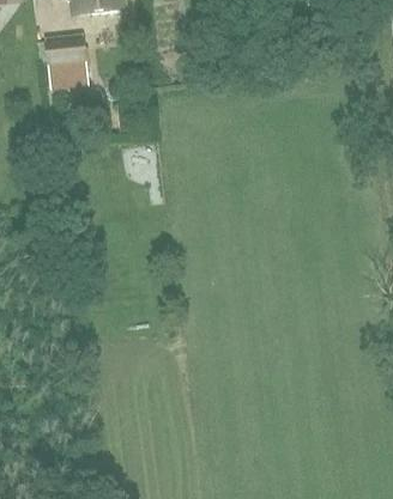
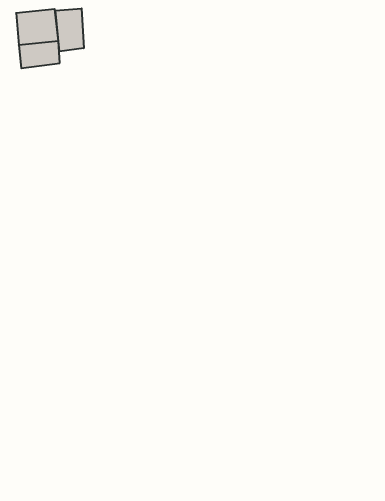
building: none -> [56,8,84,51]

